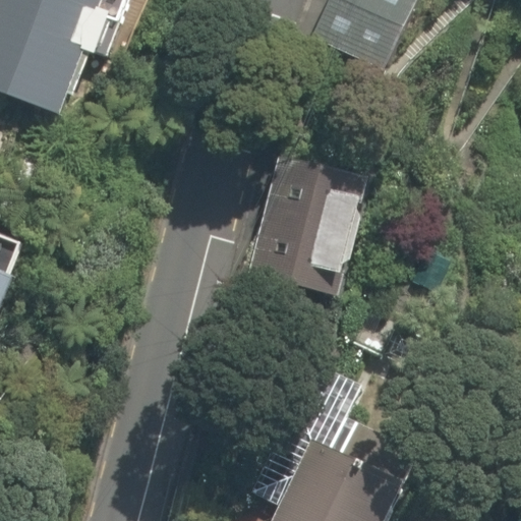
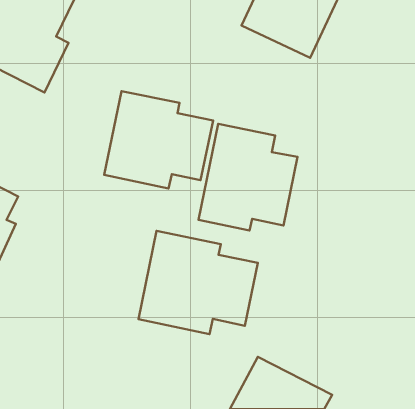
building: none -> [104,91,213,188]
building: none -> [138,231,258,334]

